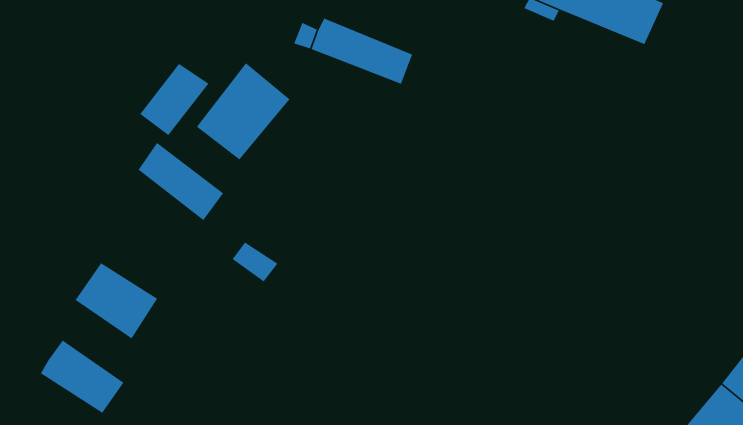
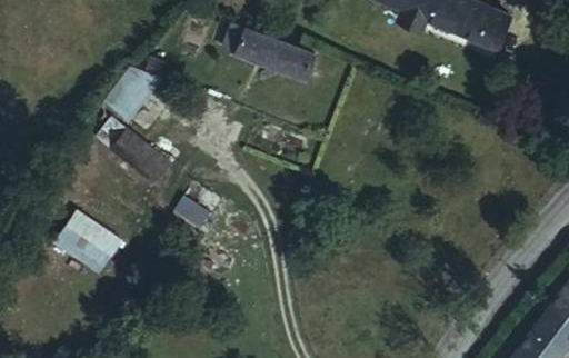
building: [196,62,290,160] -> none
building: [40,340,124,414] -> none

